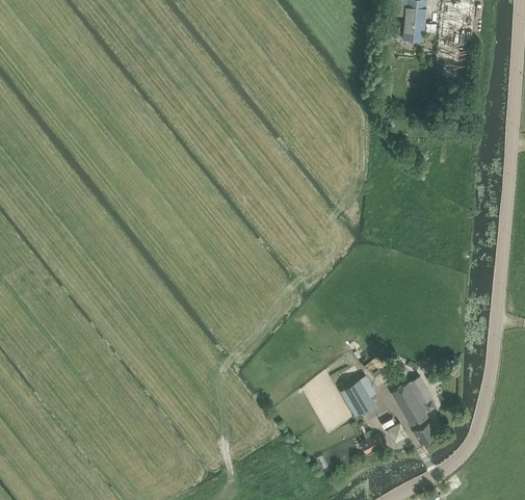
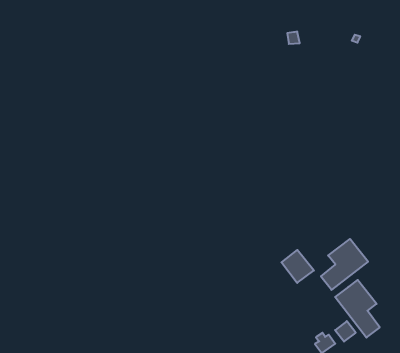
building: none -> [321,239,368,290]
building: [340,379,375,417] -> [281,250,314,283]

